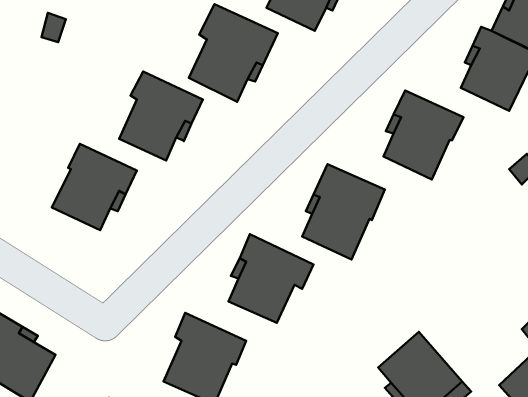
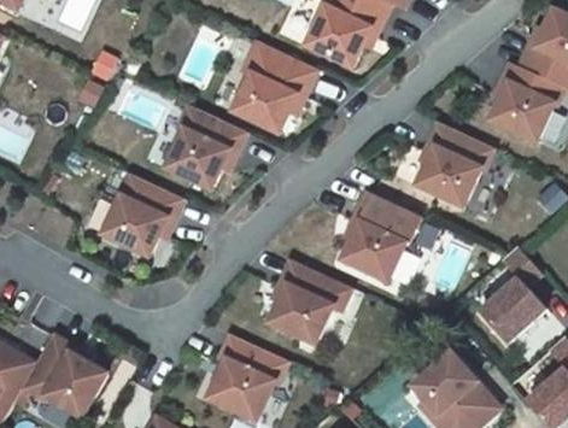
building: none -> [480,246,546,342]

